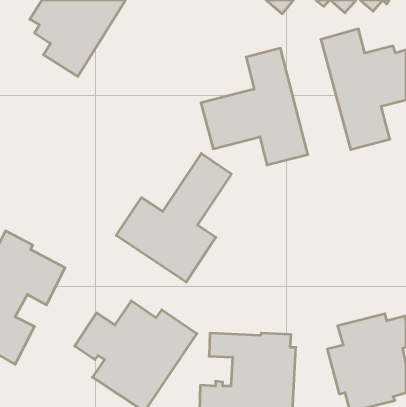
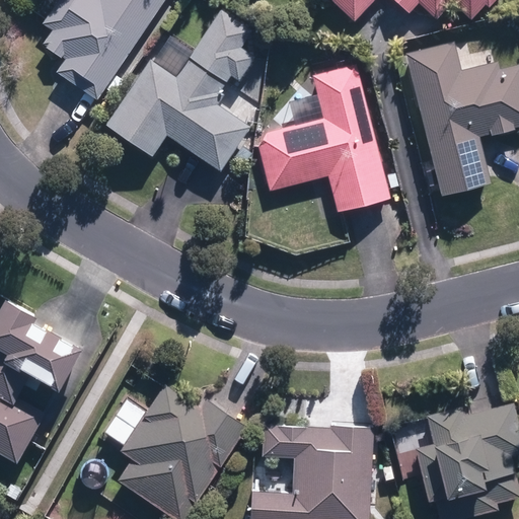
building: none -> [107,9,260,170]
building: [116,153,231,282] -> none

